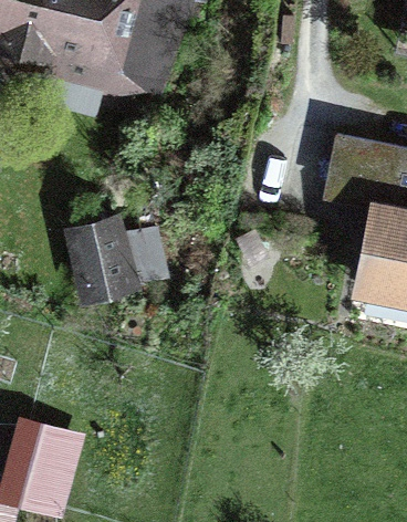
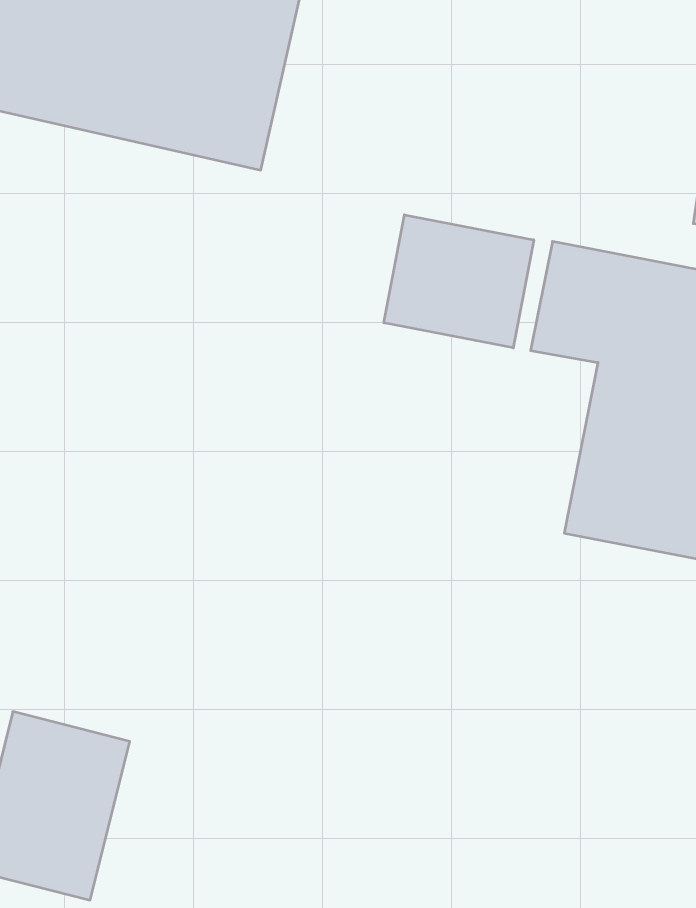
building: none -> [384,215,534,348]
building: [67,203,146,292] -> none

